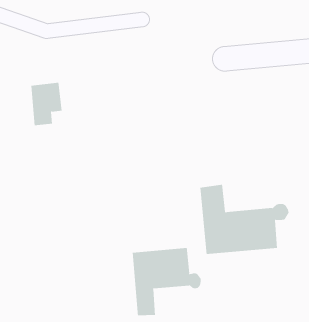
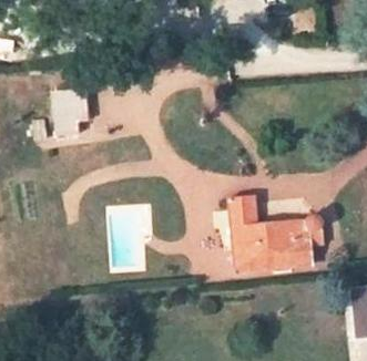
building: [132,247,201,316] -> none

